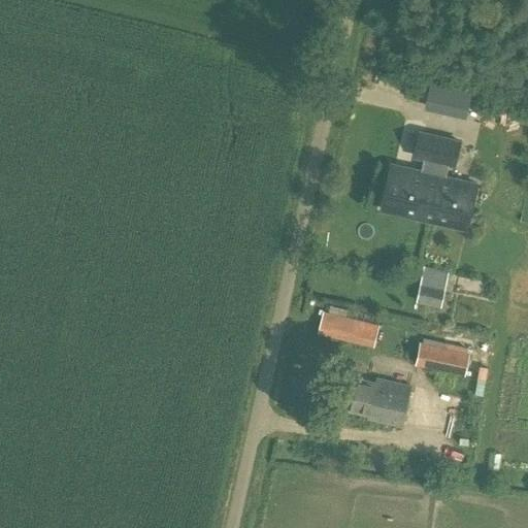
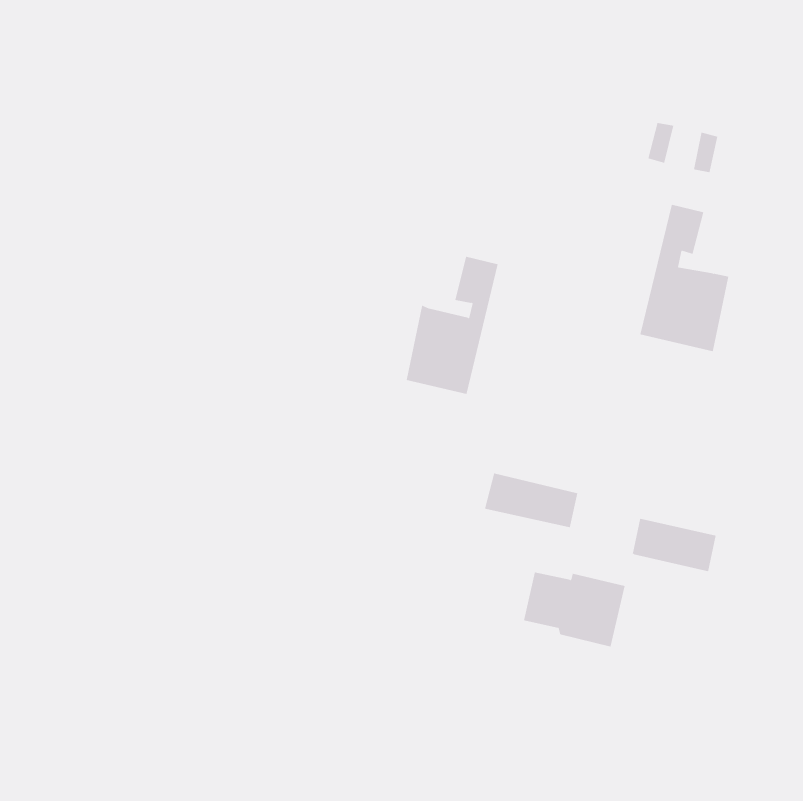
building: [380,130,440,221] -> [406,256,498,394]
building: [416,266,450,308] -> none

